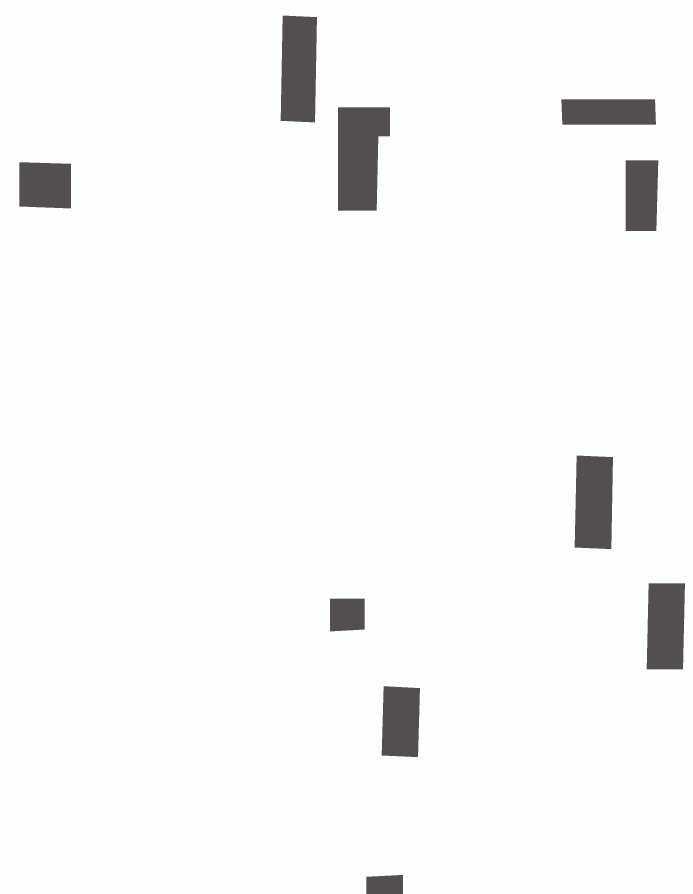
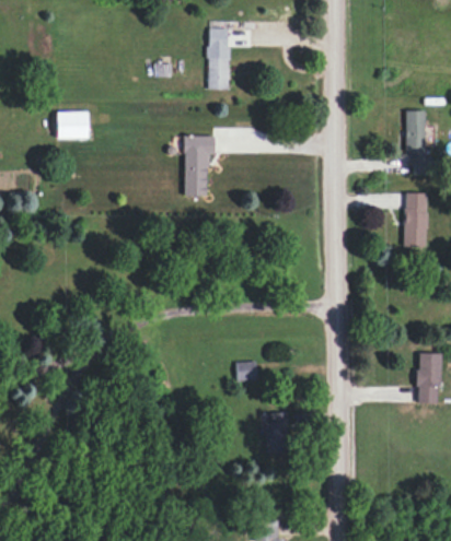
building: [560,98,657,126] -> none
building: [337,107,391,211] -> [185,136,216,196]
building: [574,455,614,550] -> [405,192,428,247]

